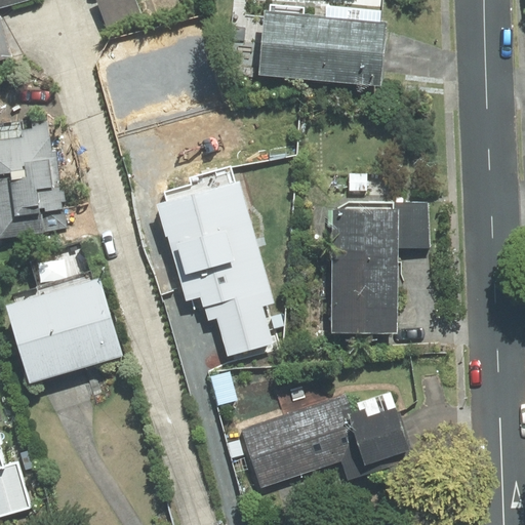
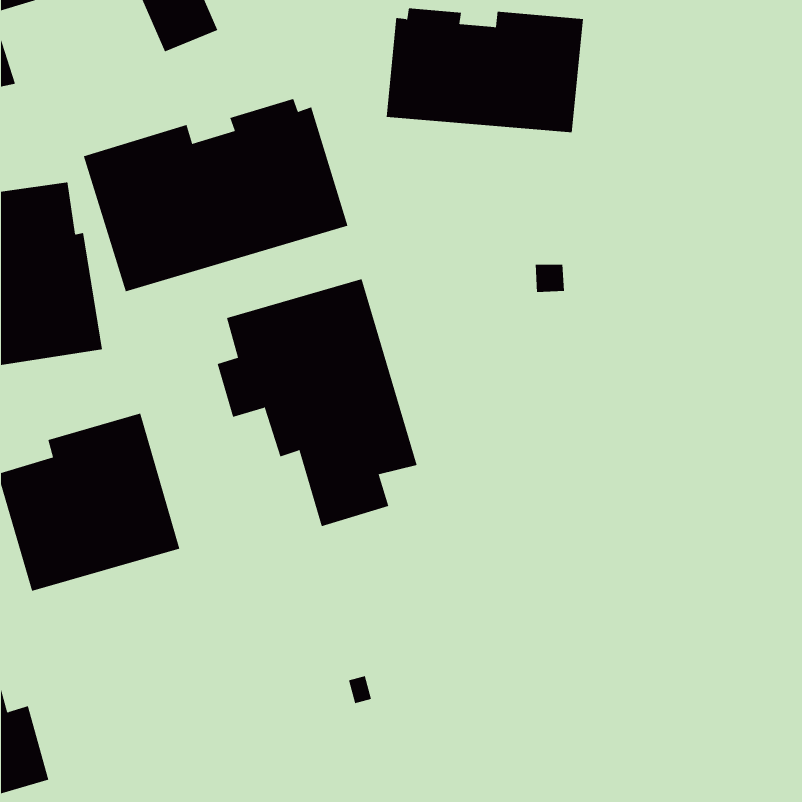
building: none -> [83,98,348,292]
building: [330,203,429,332] -> none
building: [242,394,412,486] -> none

